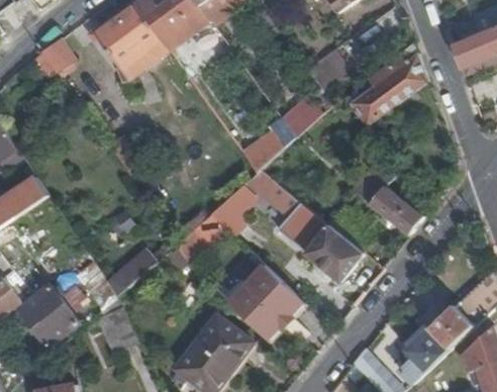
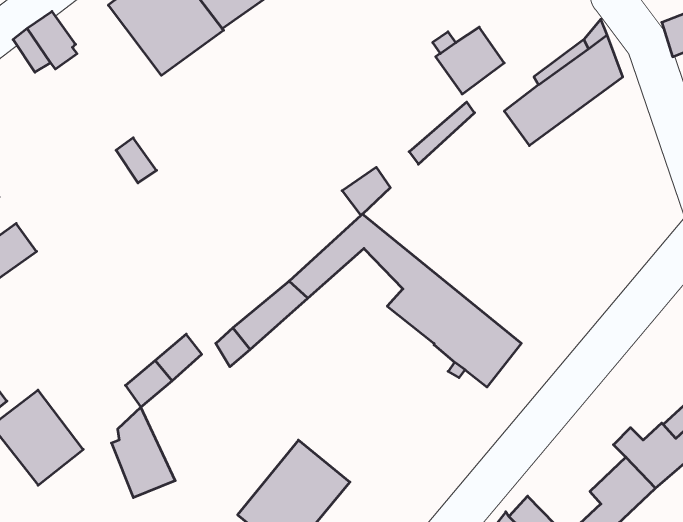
building: [360,180,422,235] -> none
building: [223,265,301,339] -> none

